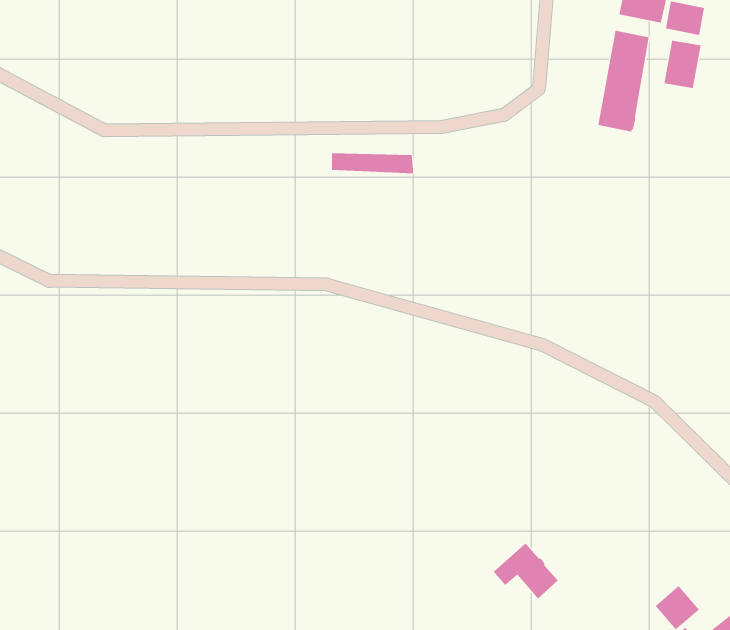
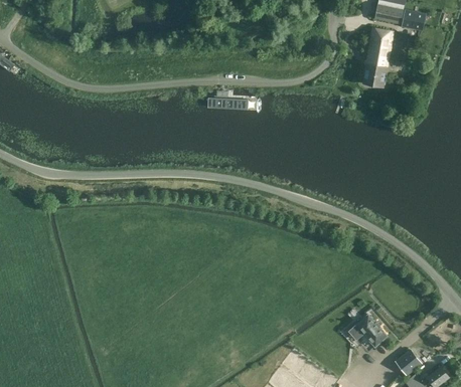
building: [664,40,701,89] -> none
building: [493,543,559,600] -> [347,316,386,349]

